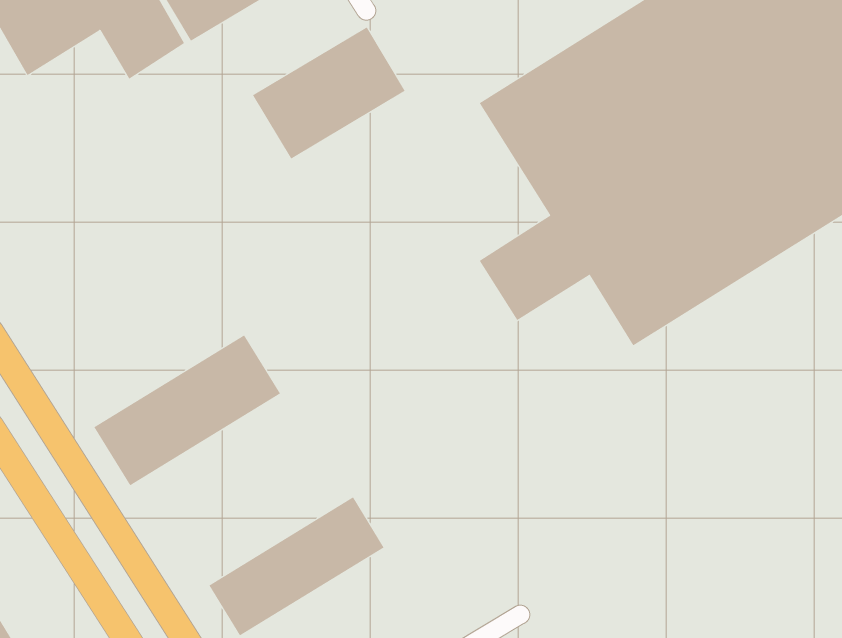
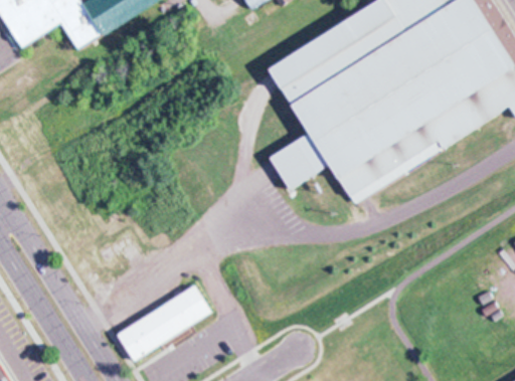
building: [252,27,406,160] -> none
building: [94,335,281,486] -> none

